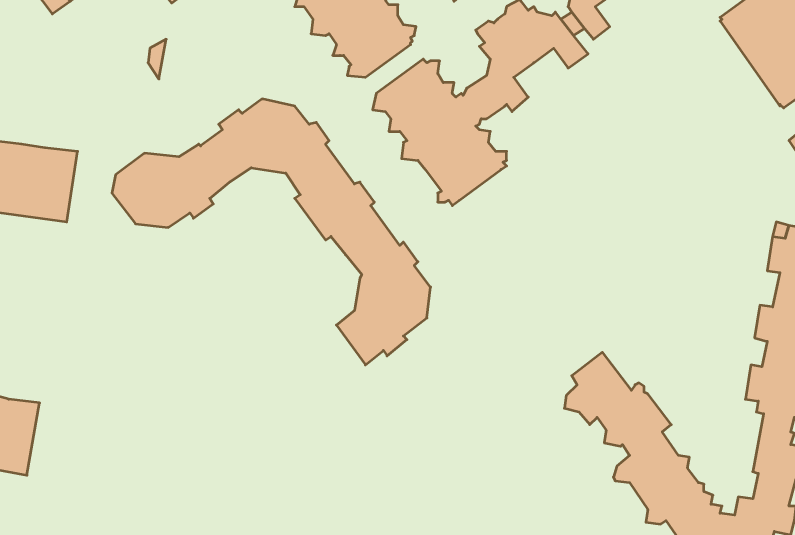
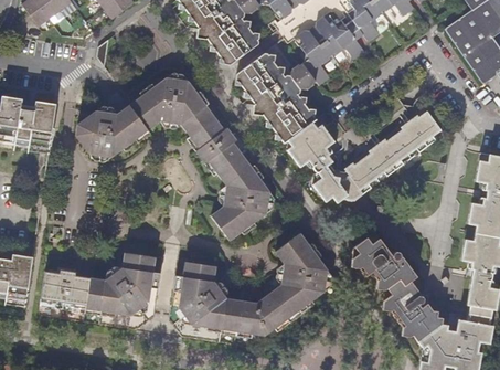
building: none -> [287,110,447,201]
building: none -> [173,233,327,335]
building: none -> [40,253,158,316]

